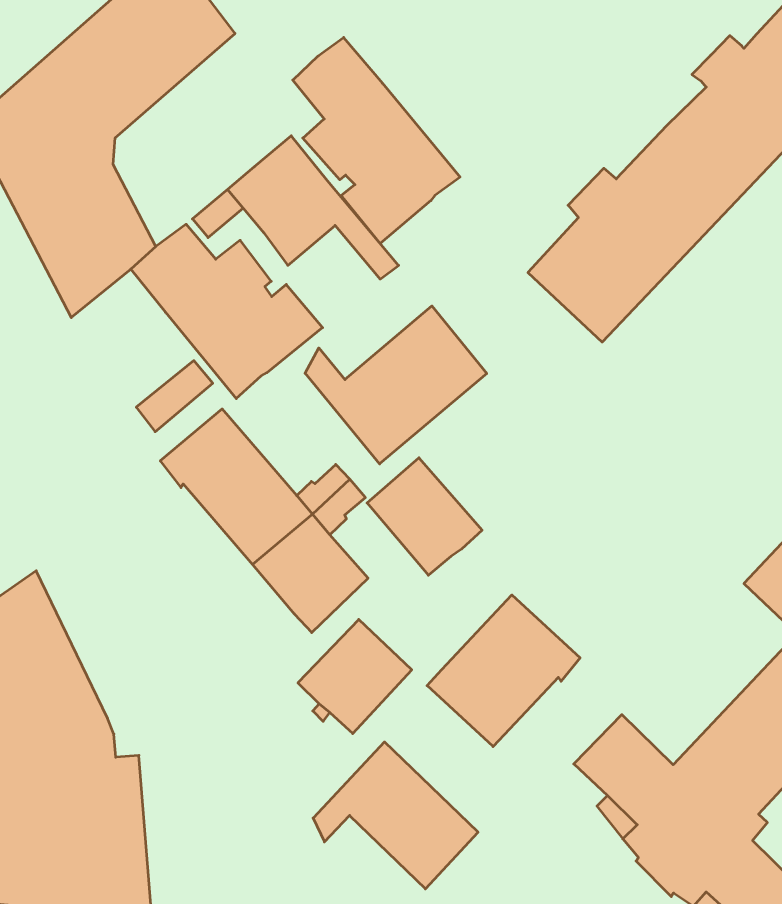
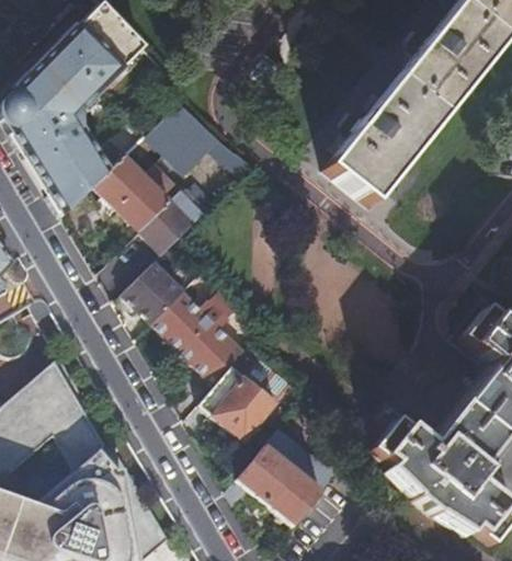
building: [293,37,460,243] -> none
building: [305,306,487,464] -> none
building: [367,458,482,575] -> none
building: [427,595,580,747] -> none

